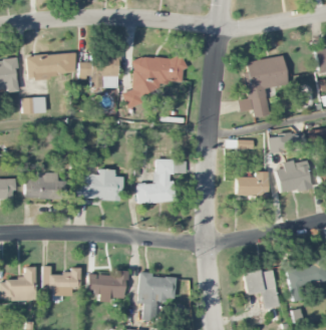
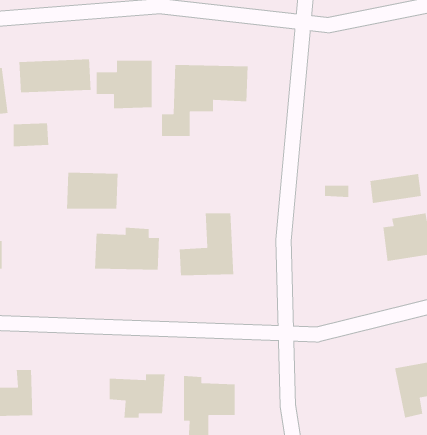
building: [239,56,288,118] -> none
building: [236,172,269,197] -> none
building: [26,173,62,199] -> [66,172,118,209]
building: [43,266,81,296] -> none
building: [242,269,279,309] -> none

